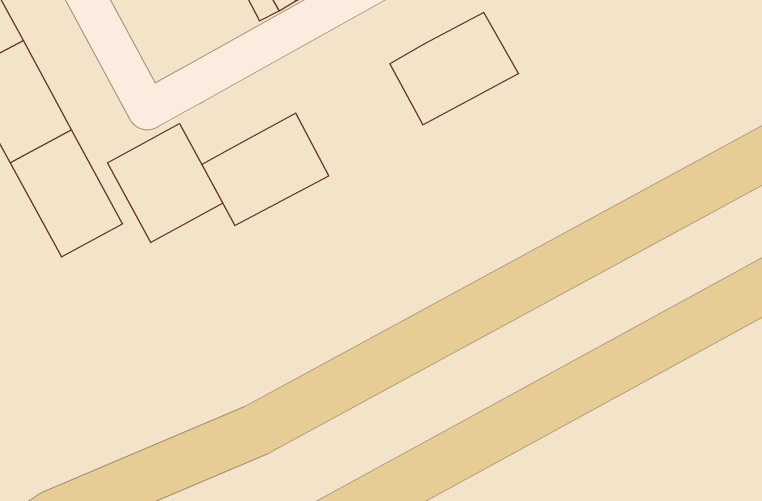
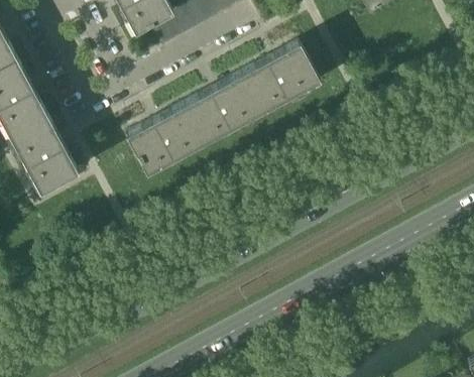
building: none -> [183,74,260,142]
building: [108,124,223,243] -> none

